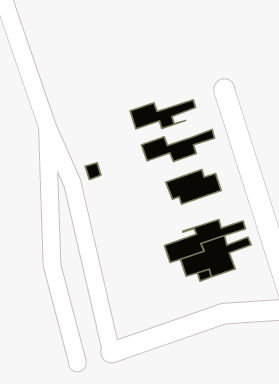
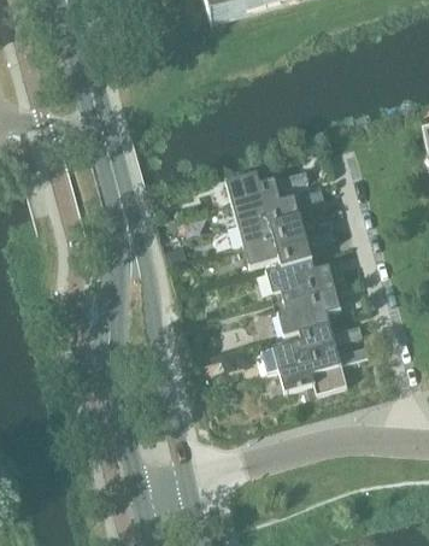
building: none -> [229,183,321,221]
building: none -> [241,225,333,266]
building: none -> [275,281,337,329]

